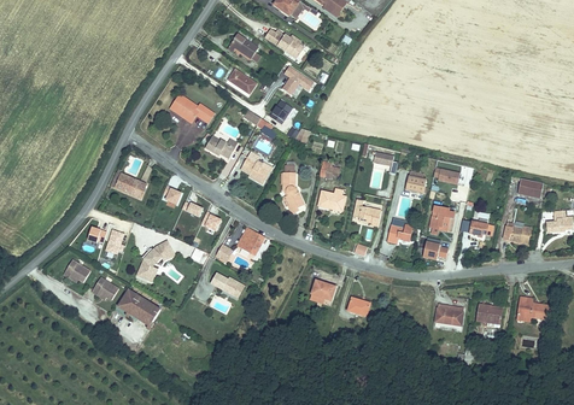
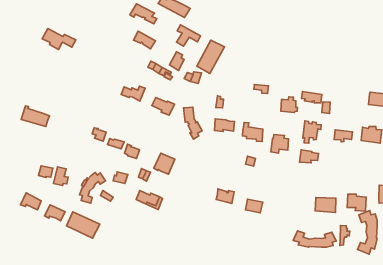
building: none -> [197,40,225,74]
building: [171,94,213,122] -> [42,29,76,49]
building: [110,169,146,198] -> [21,106,49,127]
building: none -> [357,211,377,254]
building: none -> [293,231,336,247]

